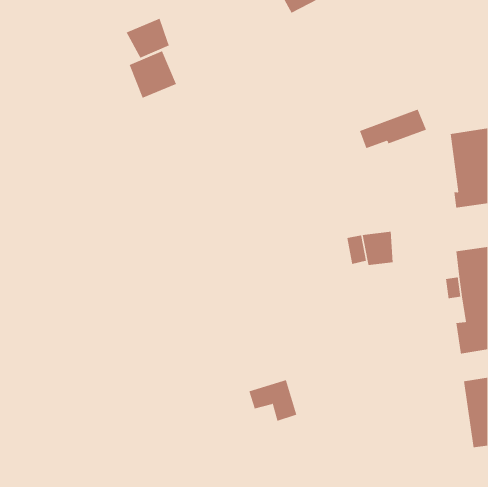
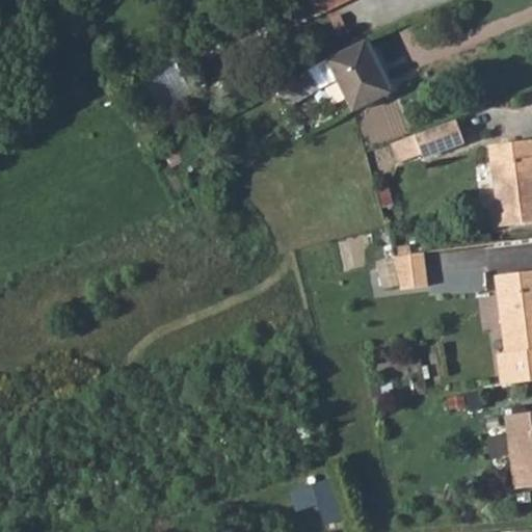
building: [126,18,169,59] -> none
building: none -> [277,41,391,110]
building: [248,380,297,422] -> [293,478,346,524]

